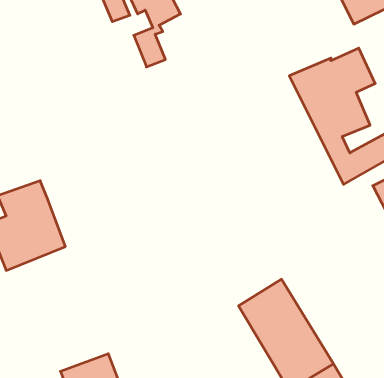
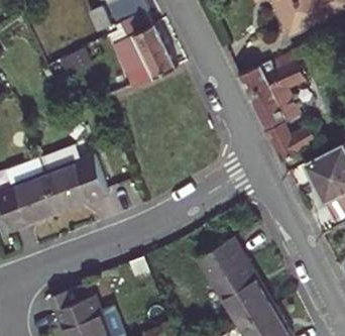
building: none -> [124,22,178,85]
building: none -> [39,145,108,210]

